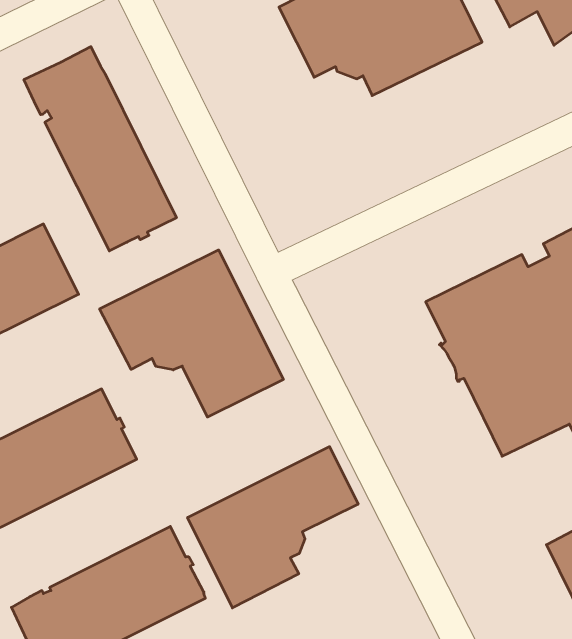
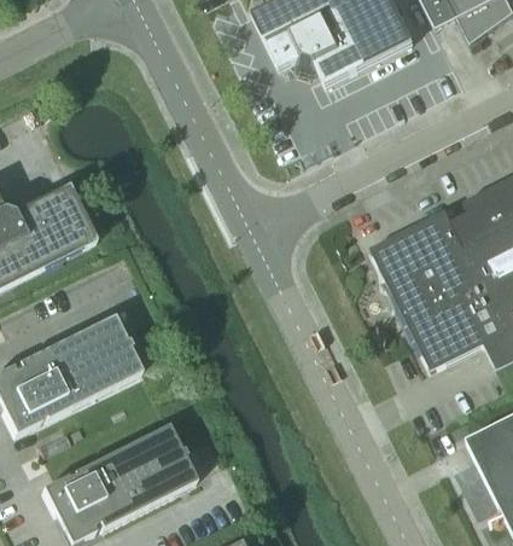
building: [24,47,176,251] -> none
building: [100,250,283,417] -> none
building: [188,447,358,608] -> none

